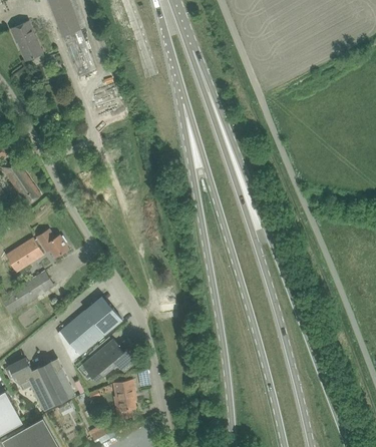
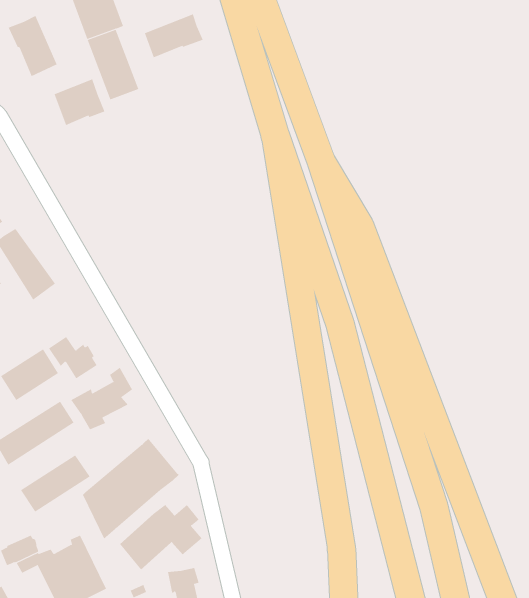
building: none -> [144,14,203,58]
building: none -> [54,79,105,126]
building: none -> [71,367,133,430]
building: none -> [20,454,90,512]

